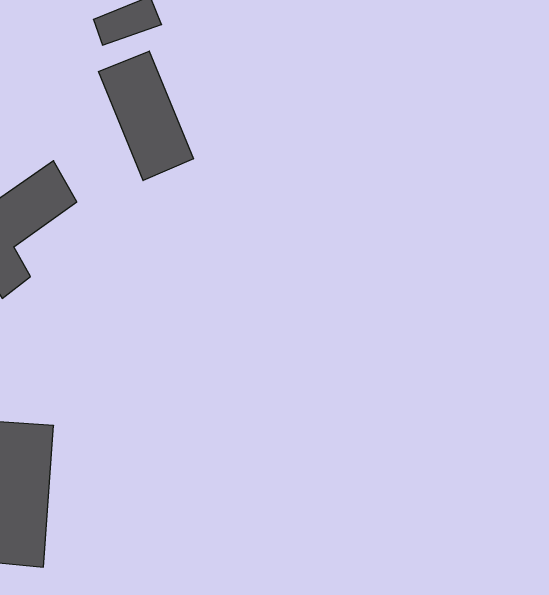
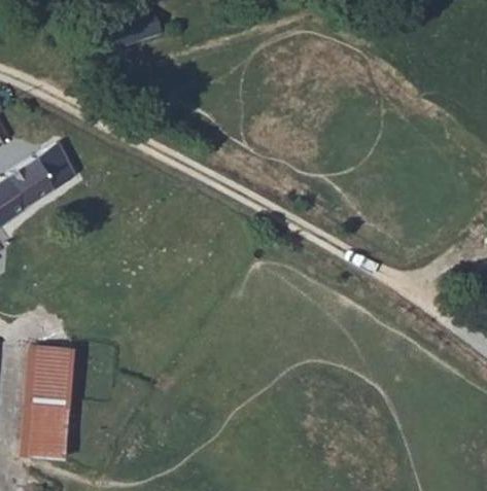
building: [98,51,193,181] -> none

